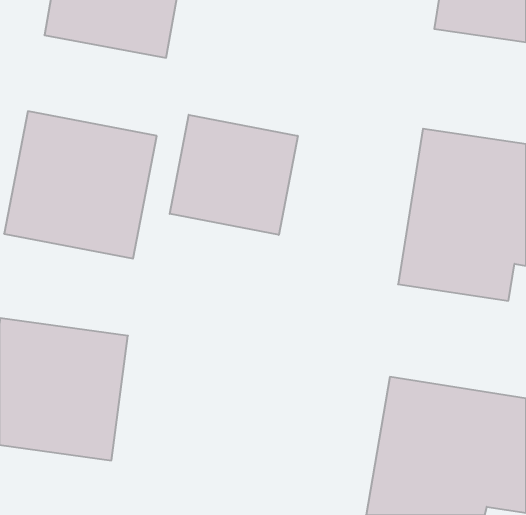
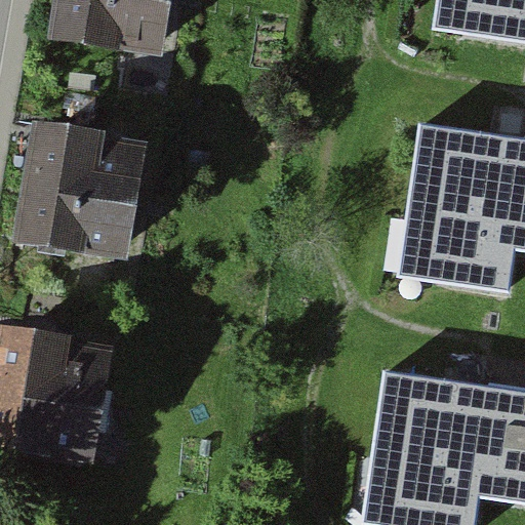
building: [170,115,298,235] -> none

